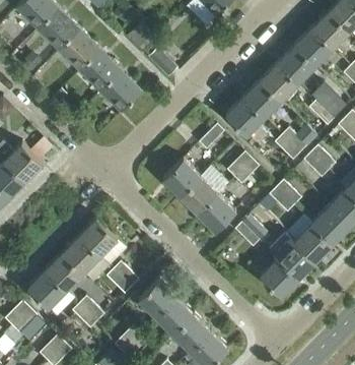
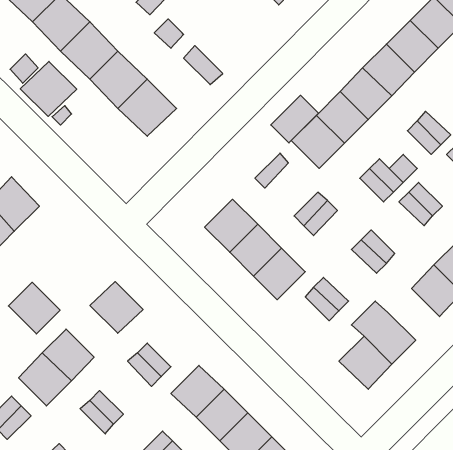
building: none -> [20,61,77,116]
building: none -> [271,95,319,143]
building: [295,223,333,260] -> none
building: [62,235,99,272] -> [8,282,60,334]

